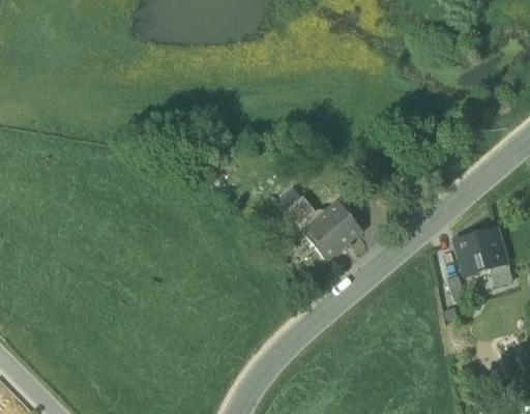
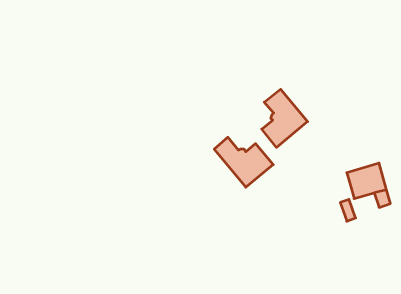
building: none -> [262,89,308,147]

